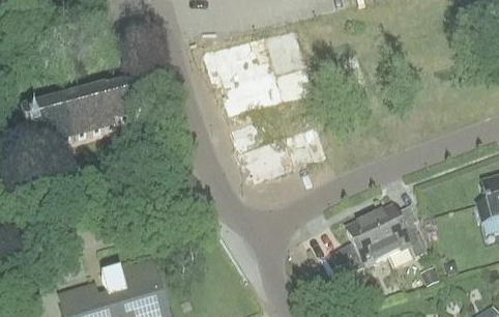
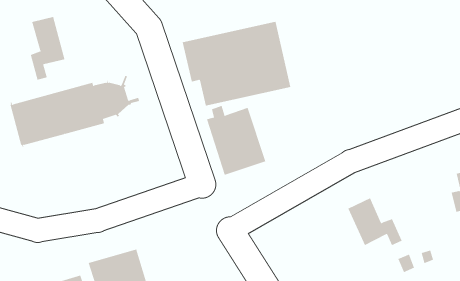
building: none -> [30,16,65,81]
building: [331,218,387,278] -> none

